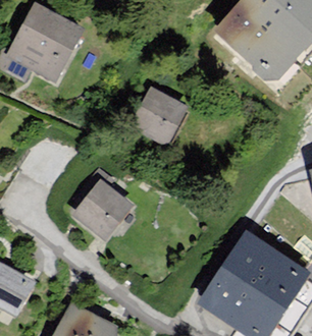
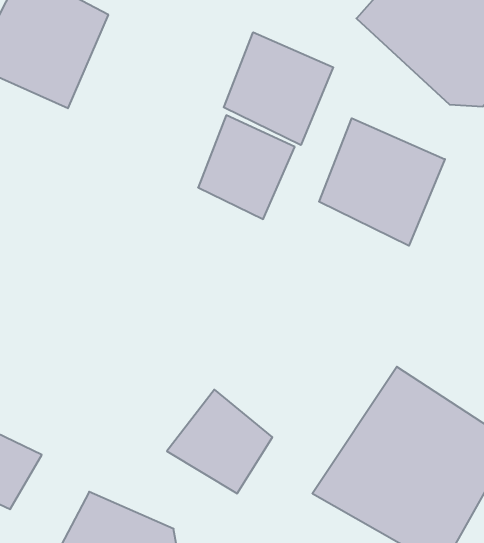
building: none -> [224,32,333,145]
building: none -> [319,118,445,246]
building: [66,178,127,238] -> [167,390,272,493]

